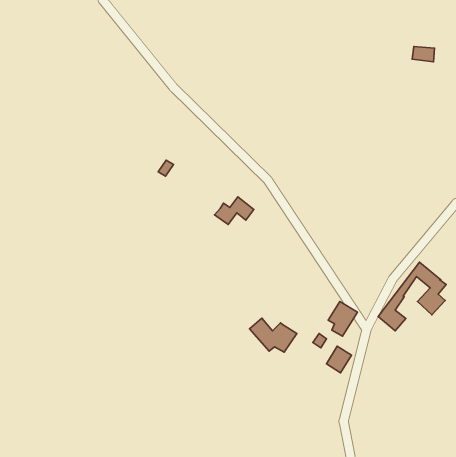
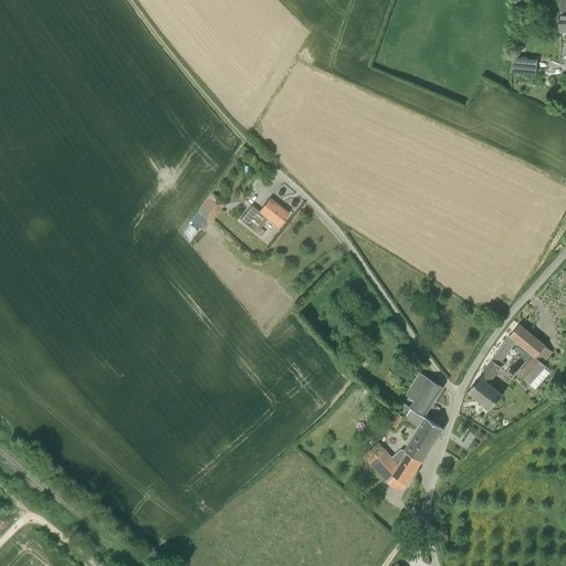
building: [215,197,254,225] -> [239,198,287,232]
building: [249,318,297,352] -> [363,442,421,484]

